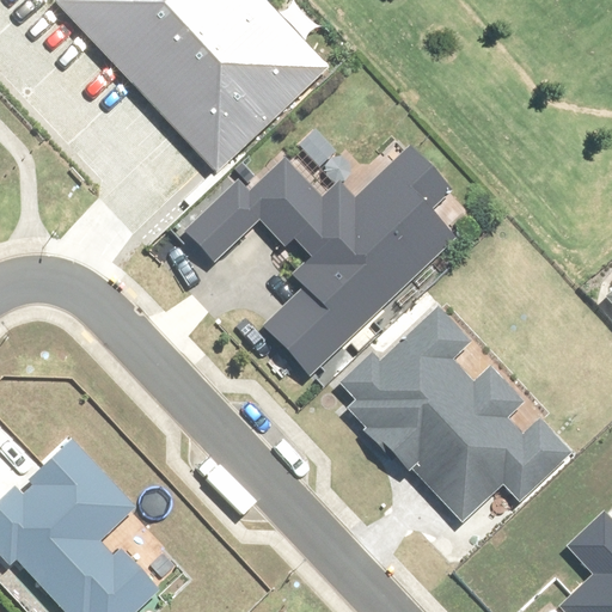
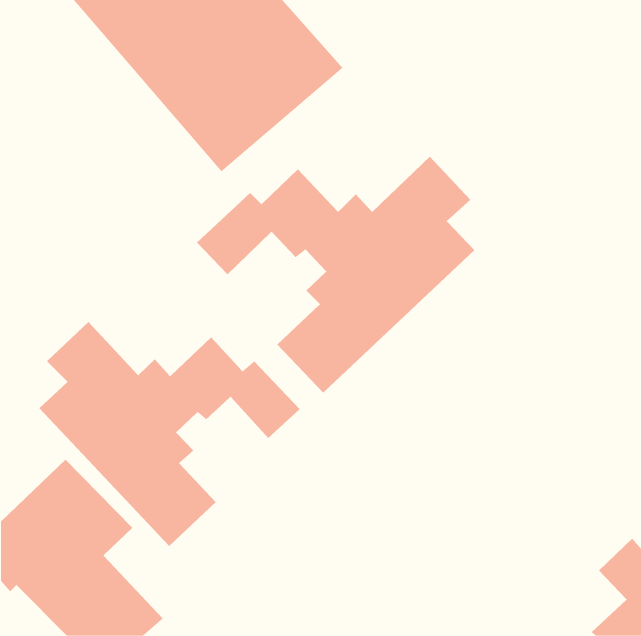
building: none -> [38,321,300,547]
building: [339,308,570,525] -> none

